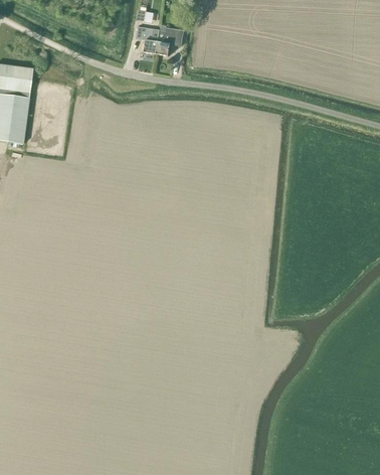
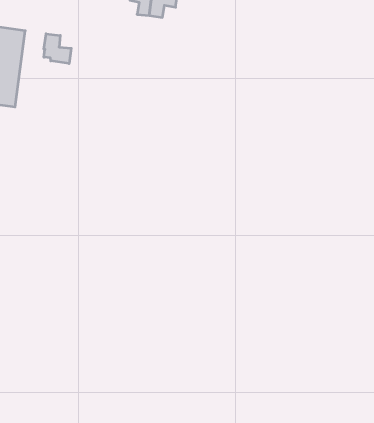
building: none -> [44,34,71,64]

